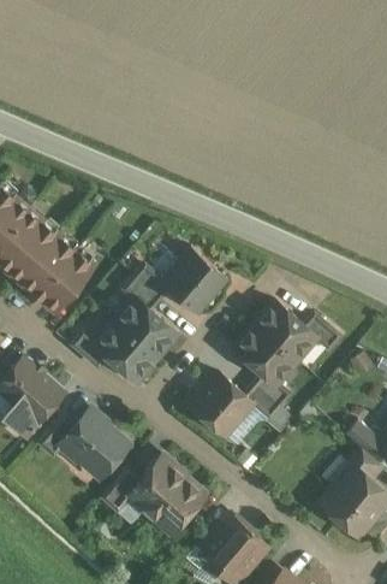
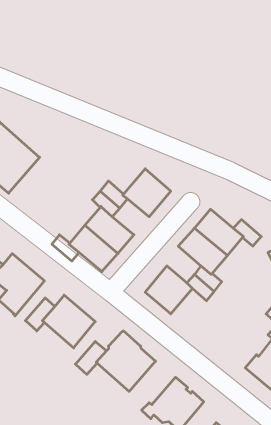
building: [18,236,95,314] -> none

